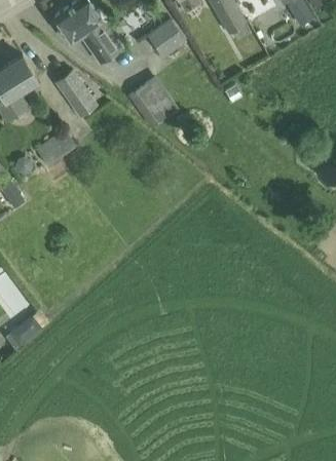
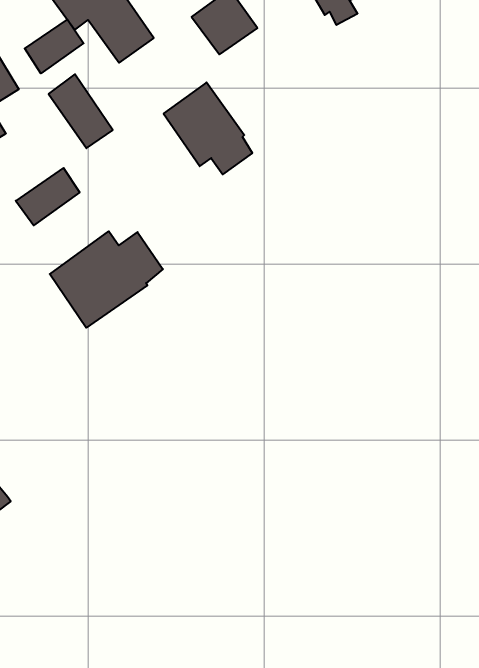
building: none -> [25,20,84,73]
building: none -> [50,231,163,328]

